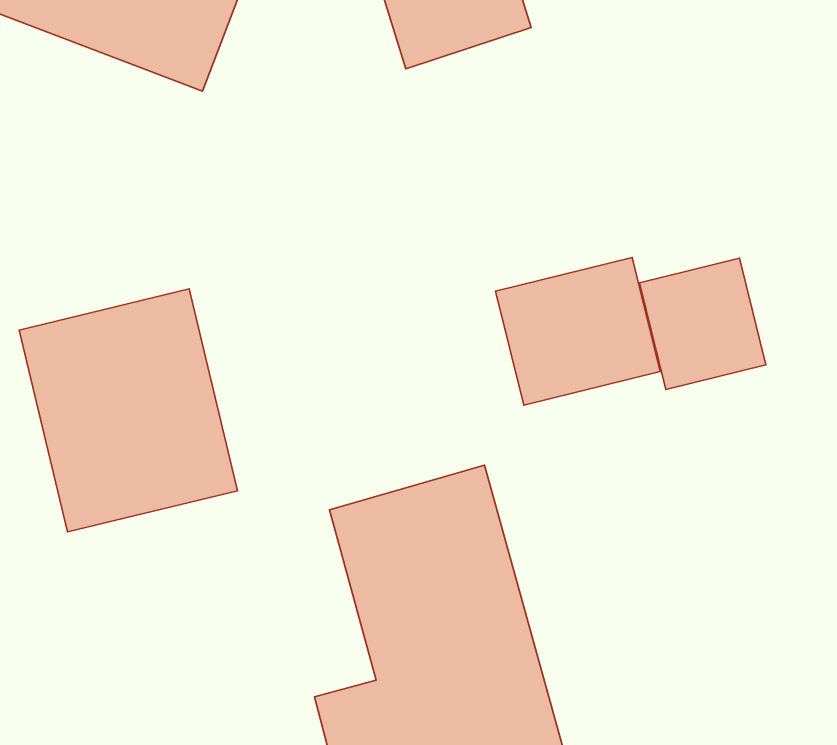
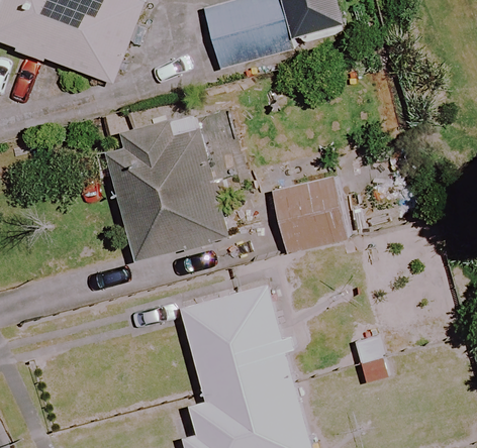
building: [639,258,766,390] -> none
building: [19,289,238,532] -> [107,128,225,259]

